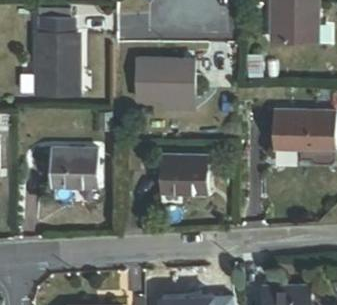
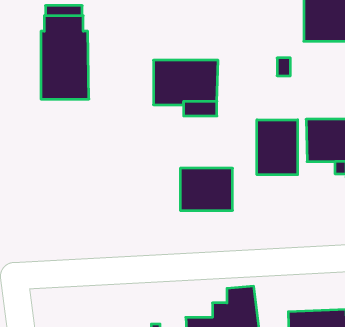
building: none -> [257,120,298,175]
building: [51,149,100,187] -> none

